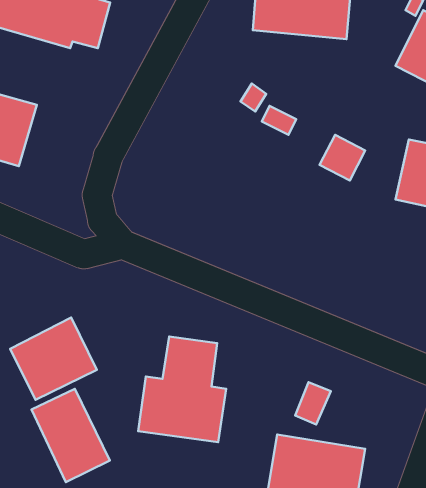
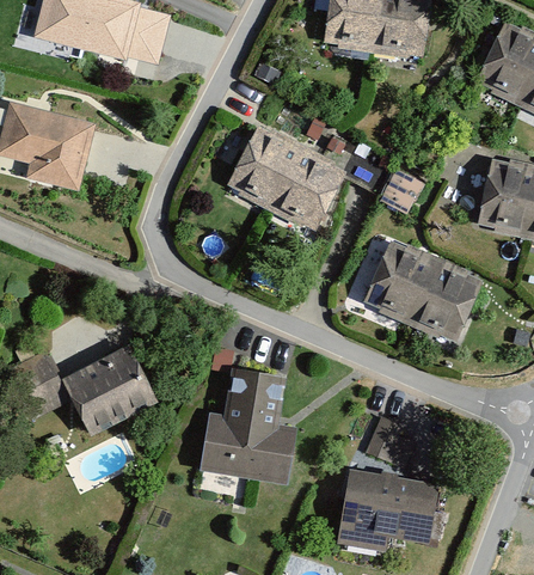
building: none -> [226,123,346,228]
building: none -> [362,239,481,342]
building: [31,389,110,482] -> none

